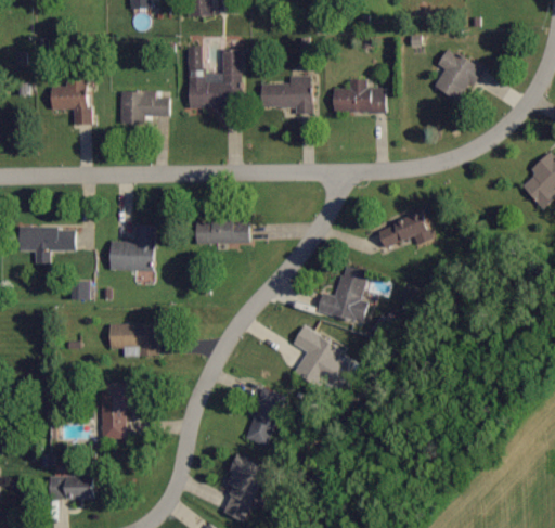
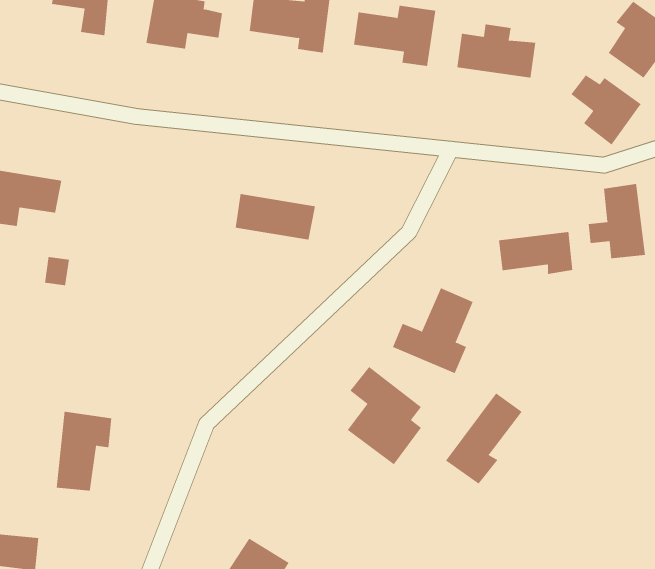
building: none -> [571,75,641,145]
building: none -> [588,183,645,259]
building: [111,224,155,270] -> none
building: [109,321,155,356] -> none
building: none -> [445,392,522,484]
building: [245,387,286,446] -> none

